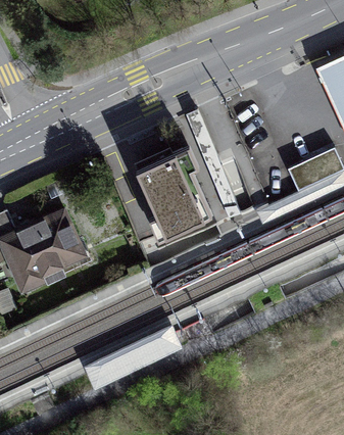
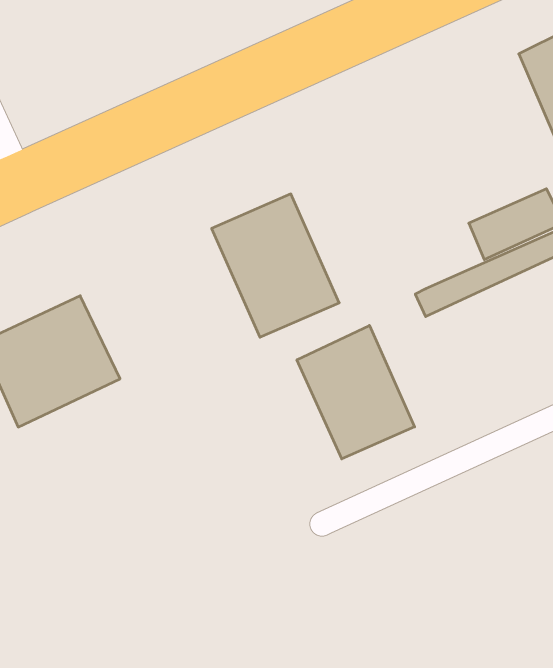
building: none -> [297,325,415,459]

